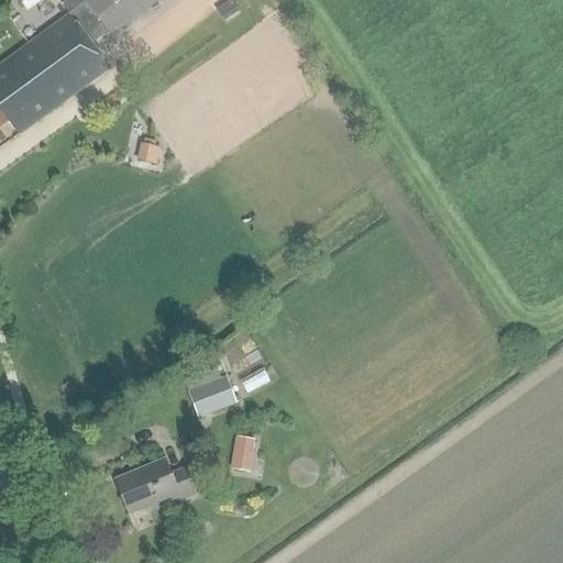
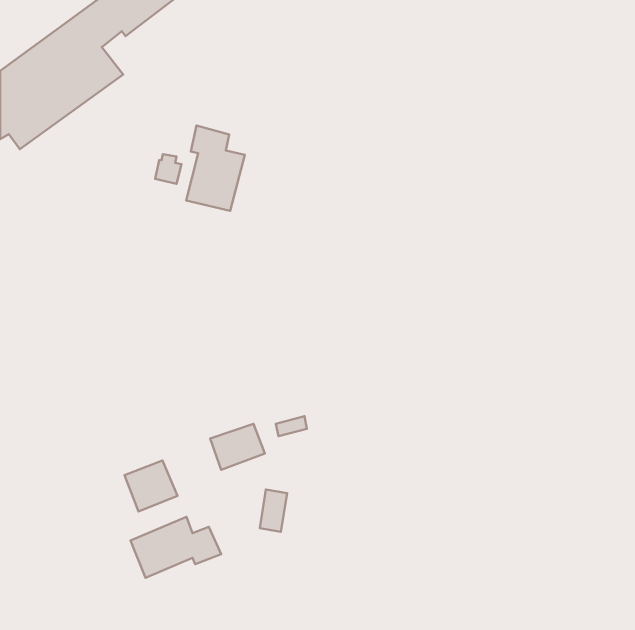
building: none -> [186,125,245,211]
building: none -> [125,461,178,511]

